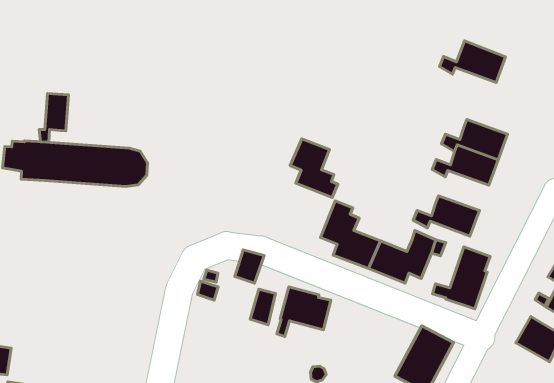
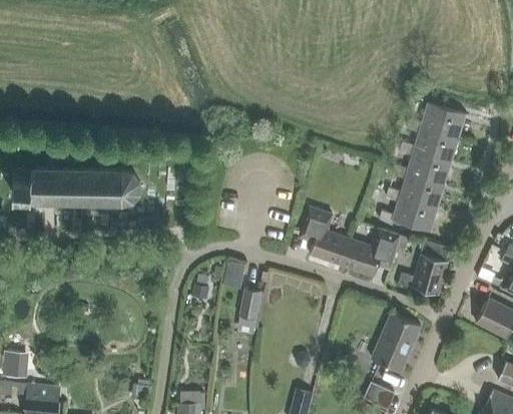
building: [439,41,506,82] -> [407,103,465,138]
building: [39,94,68,142] -> none
building: [290,139,338,198] -> none
building: none -> [386,173,444,208]
building: [277,287,331,337] -> none

